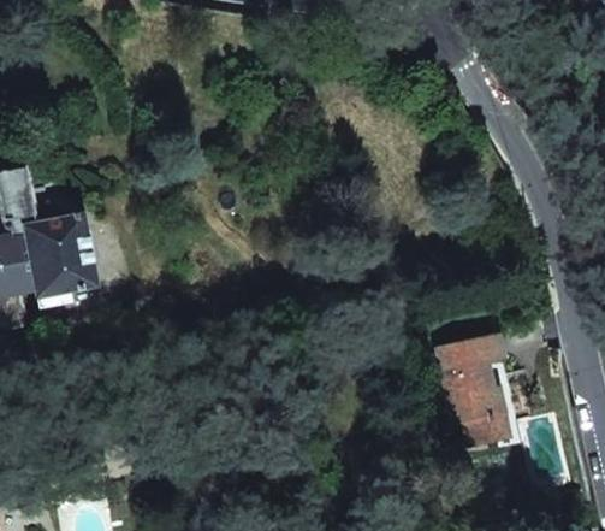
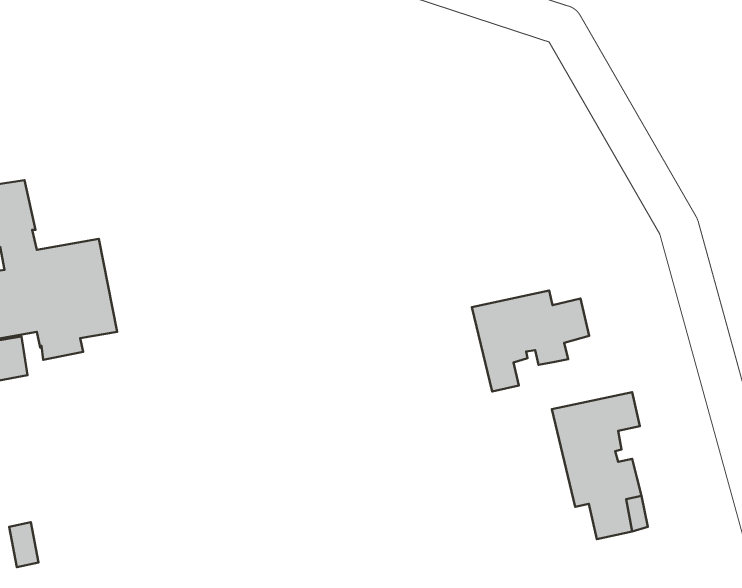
building: none -> [472,291,589,391]

